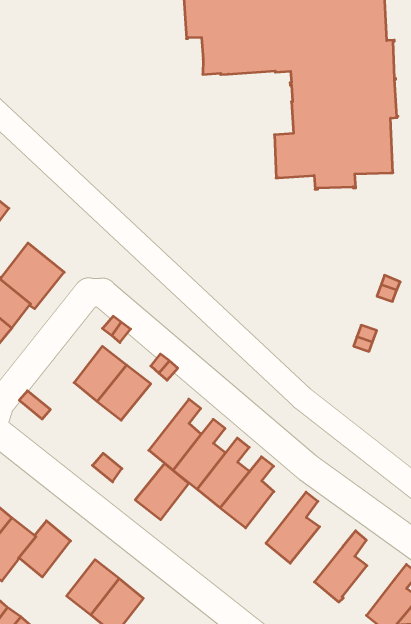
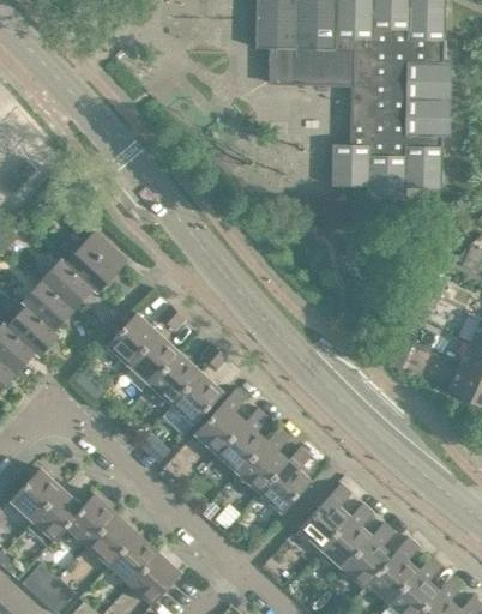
building: none -> [106,312,157,365]
building: [135,463,189,520] -> [170,371,222,423]
building: none -> [320,502,373,567]
building: none -> [86,513,137,565]
building: none -> [367,536,418,602]

